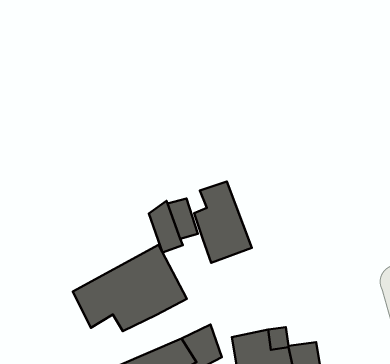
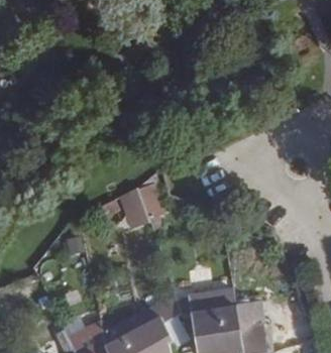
building: [194,181,252,263] -> none
building: [73,245,187,331] -> none

